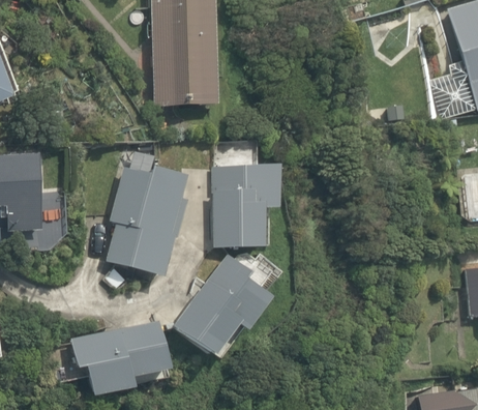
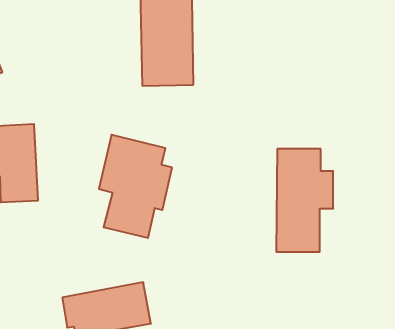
building: [215,140,276,251] -> [276,149,333,252]
building: [171,257,265,356] -> none

